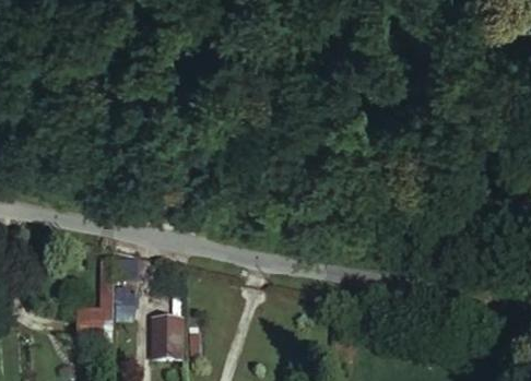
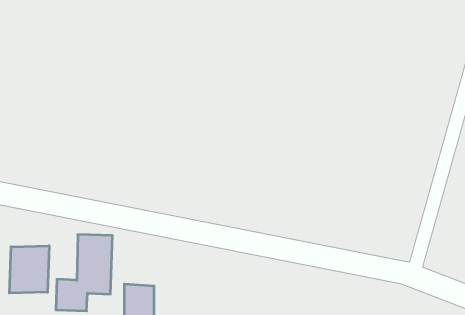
building: none -> [9,246,49,293]

